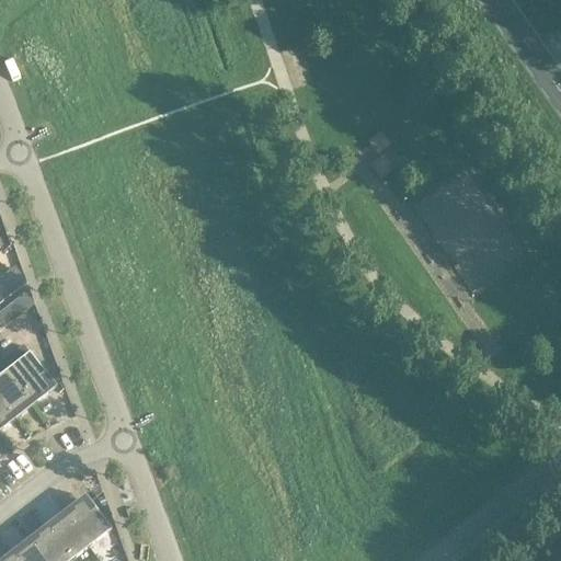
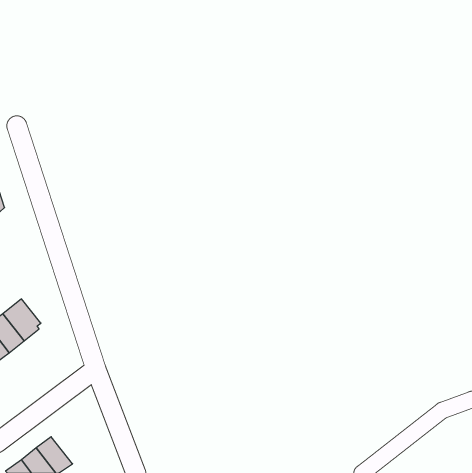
building: [60,500,107,546] -> none

